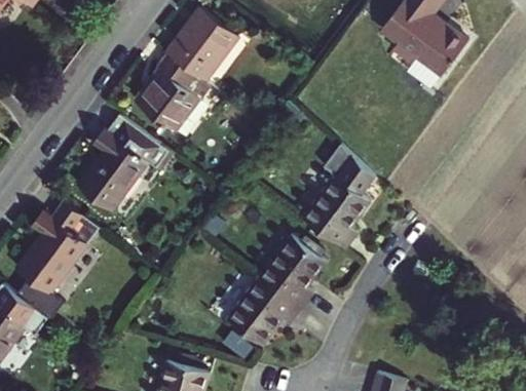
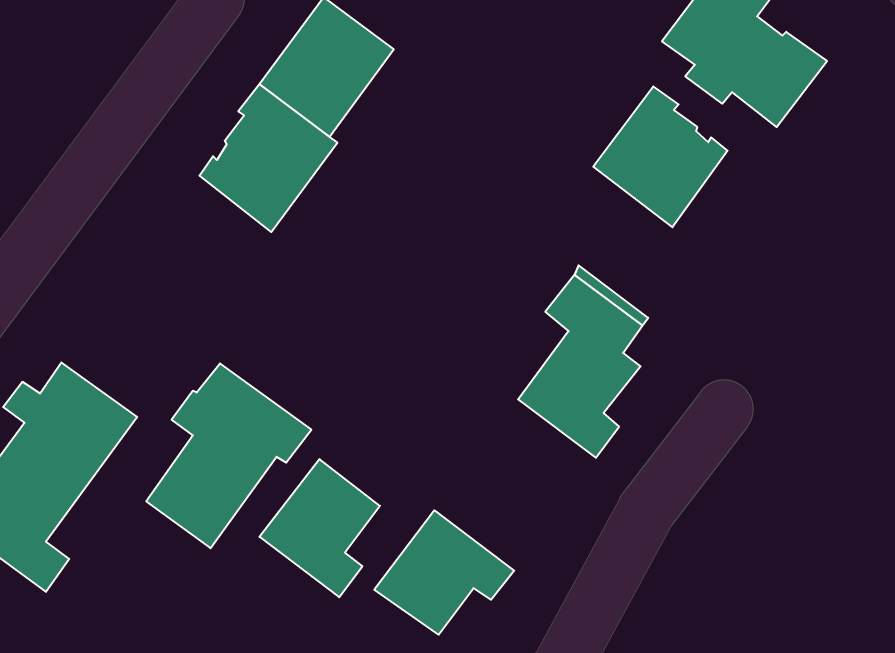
building: none -> [593,86,728,227]
building: [78,113,165,210] -> [146,363,311,548]
building: [260,237,324,310] -> [259,459,380,597]

